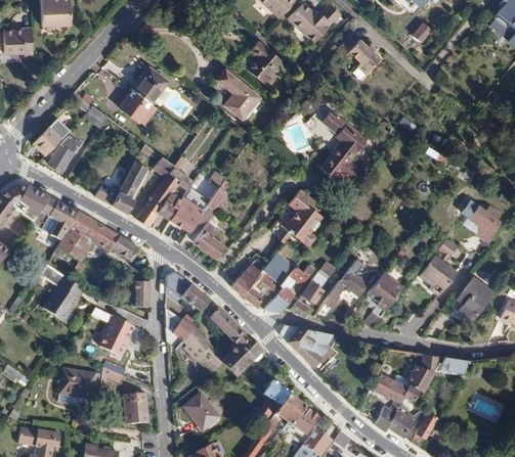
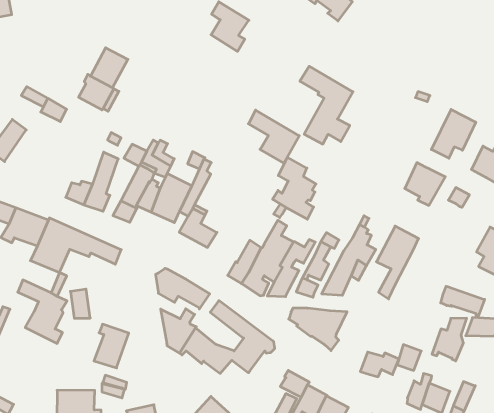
building: [217,68,261,120] -> [248,110,299,163]
building: [48,134,82,172] -> none
building: none -> [431,109,476,158]
building: [419,254,457,293] -> [405,163,445,205]
building: [135,281,149,308] -> [70,289,90,318]
building: none -> [441,286,485,317]
building: [385,379,421,403] -> [360,352,398,377]

